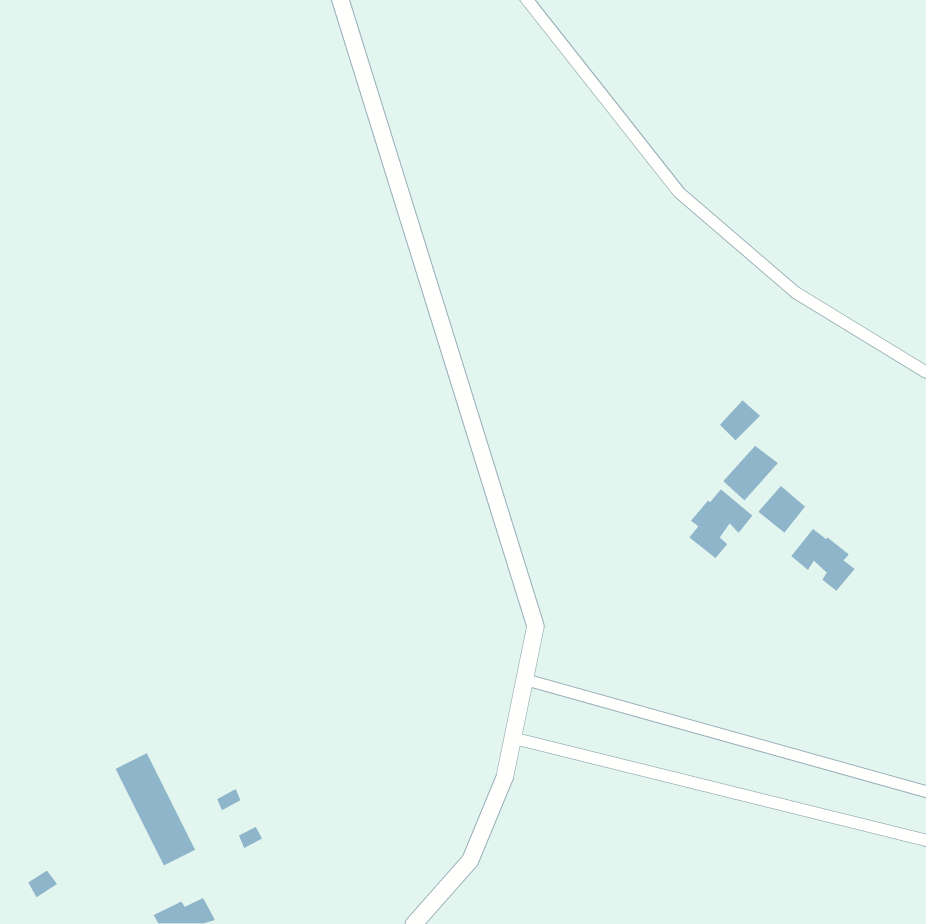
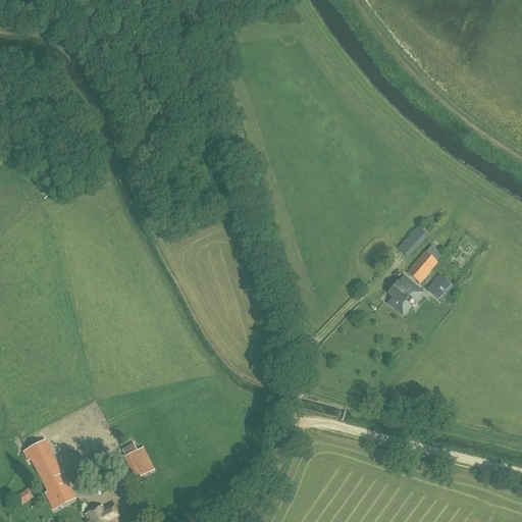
building: [790,528,856,592] -> none
building: [115,752,196,867] -> [27,440,72,505]

